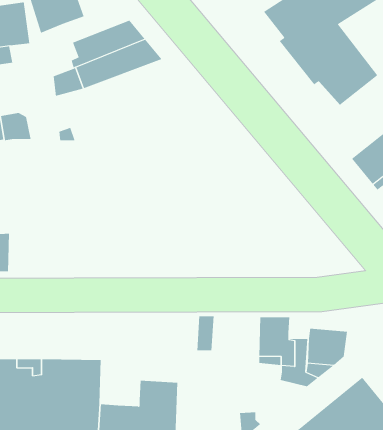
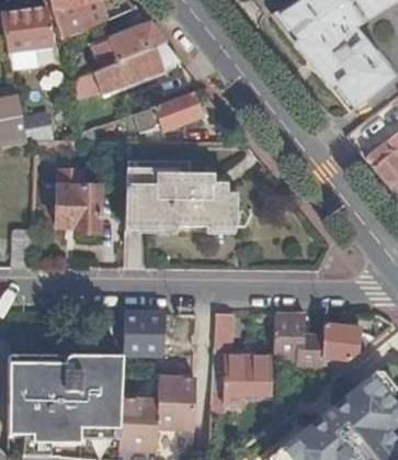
building: none -> [133,91,203,134]
building: none -> [126,162,249,226]
building: none -> [58,167,102,233]
building: none -> [124,310,163,352]
building: none -> [225,354,271,392]

